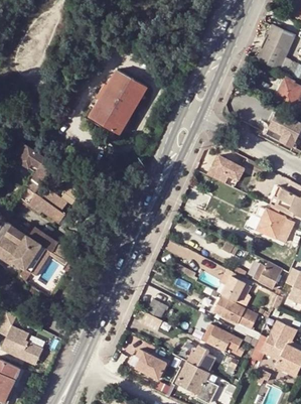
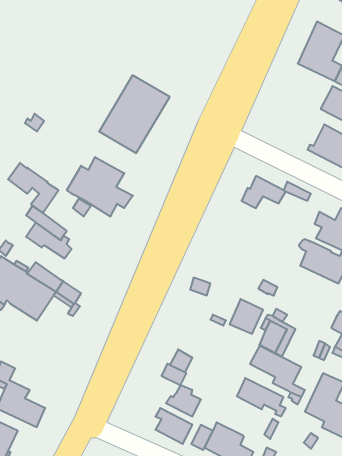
building: none -> [67,157,133,217]
building: [253,262,282,288] -> none
building: [186,346,215,372] -> [166,385,201,416]

